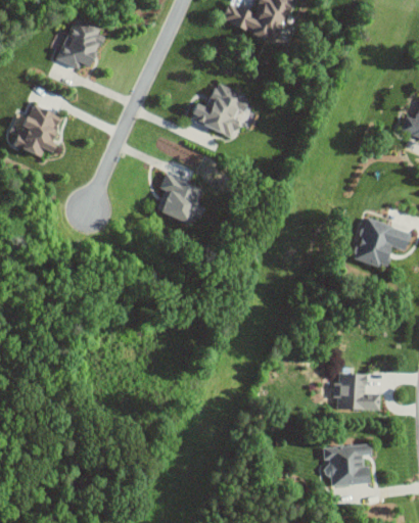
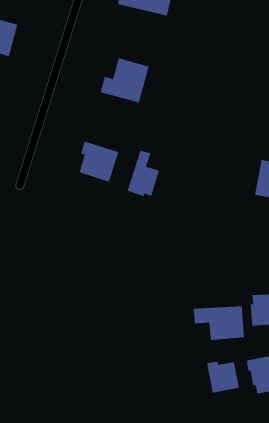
building: none -> [127,150,160,197]
building: none -> [193,305,245,341]
building: none -> [206,361,239,394]

